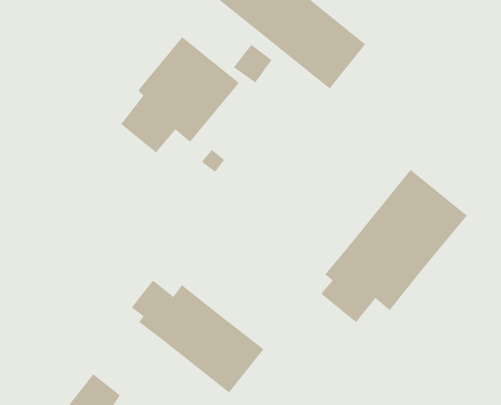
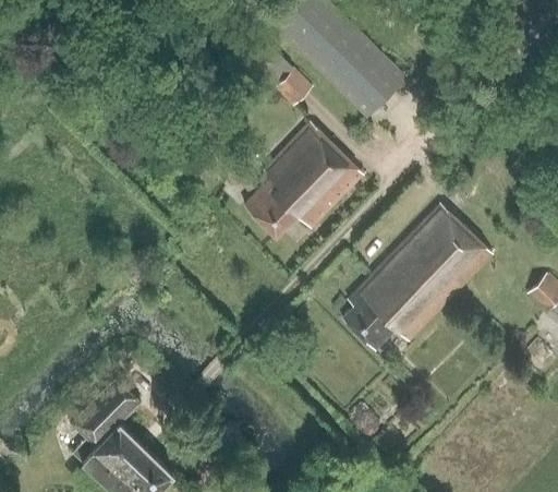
building: [120,36,240,153] -> [243,123,363,236]
building: [131,279,264,393] -> none

